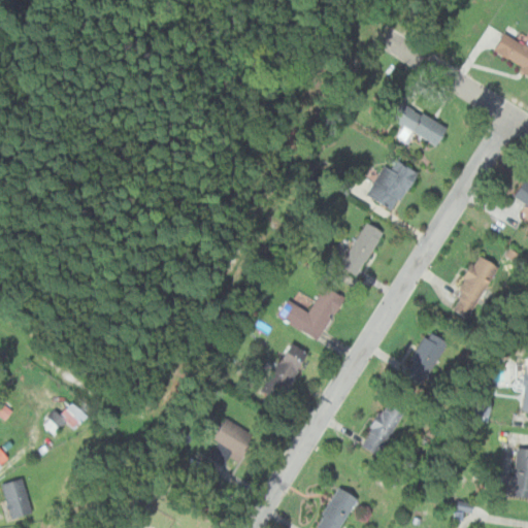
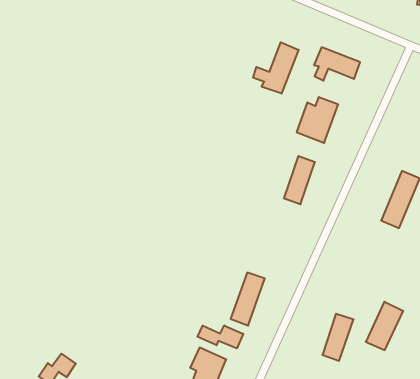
building: none -> [253,42,299,94]
building: [277,286,345,341] -> none
building: [401,330,448,384] -> [366,302,403,350]
building: none -> [198,325,243,348]

